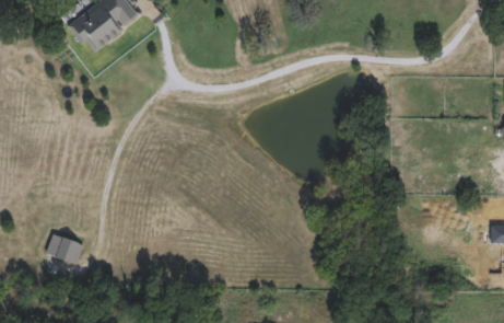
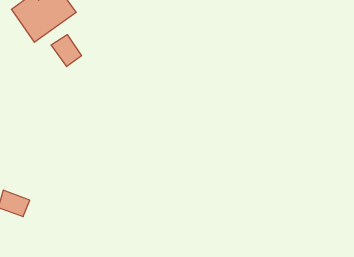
building: none -> [51,35,82,67]

